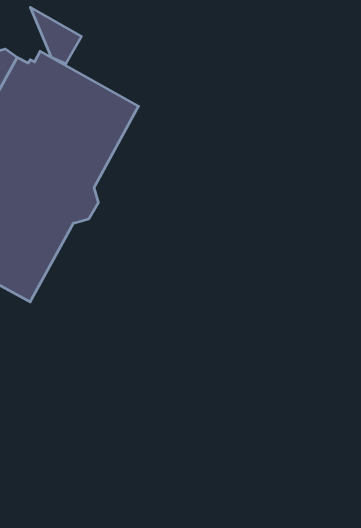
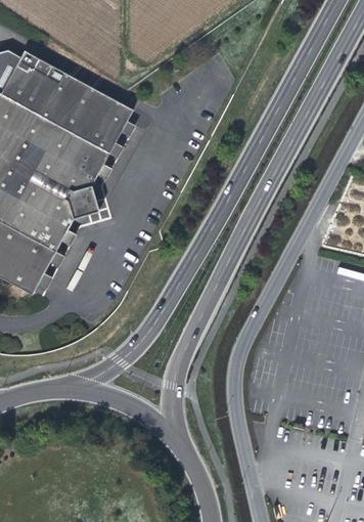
building: [30,7,81,64] -> none

